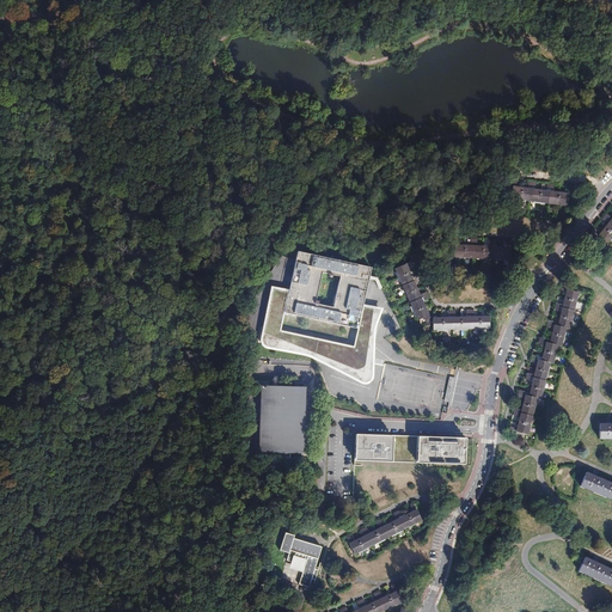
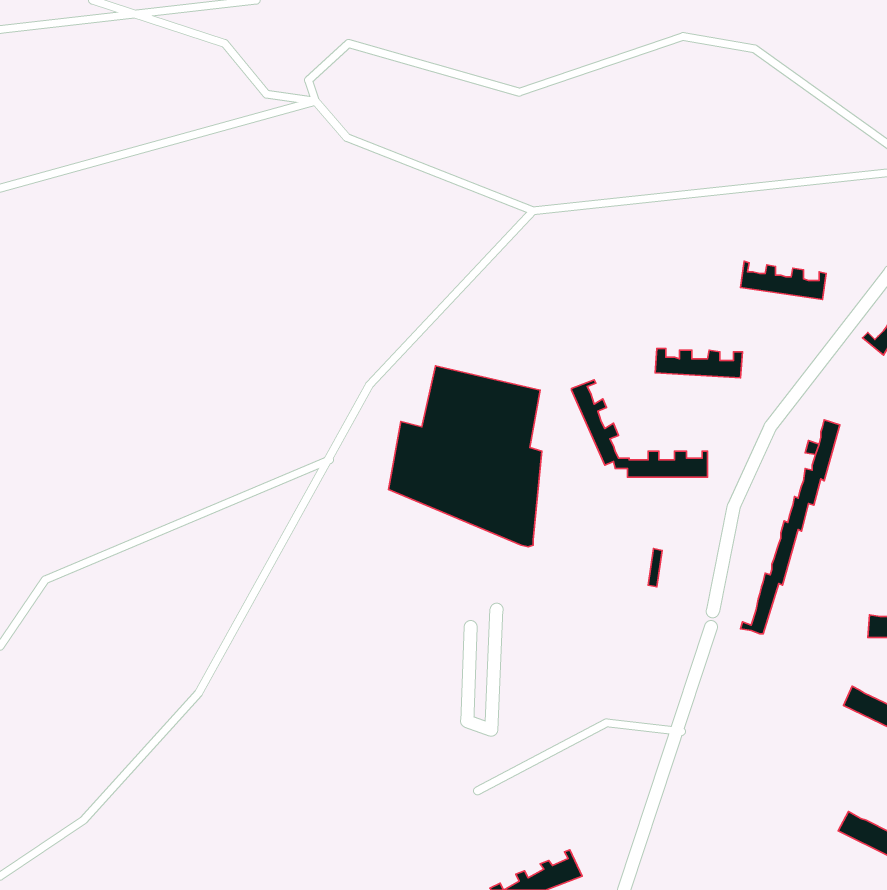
building: [257,385,307,454] -> none
building: [355,434,467,465] -> none
building: [347,502,422,551] -> none
building: [277,534,322,590] -> none

